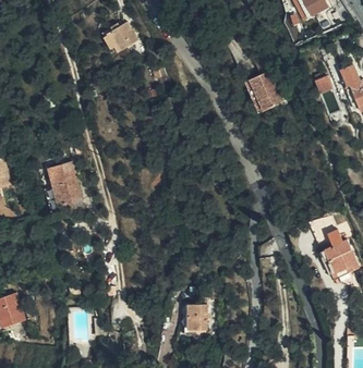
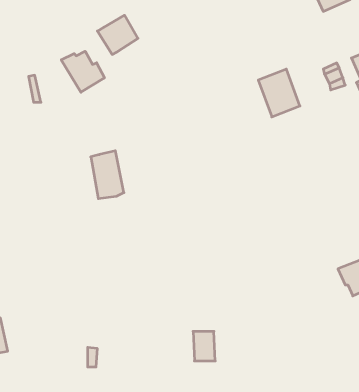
building: none -> [61,51,104,92]
building: [51,163,81,206] -> [91,151,124,199]

